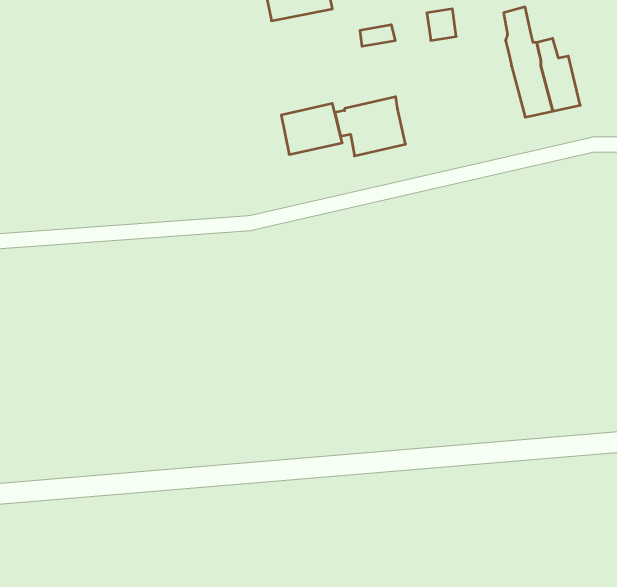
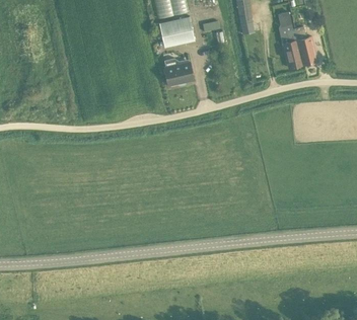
building: [335,97,406,156] -> [155,17,192,48]

